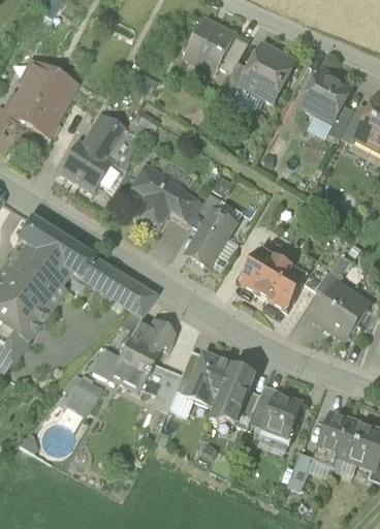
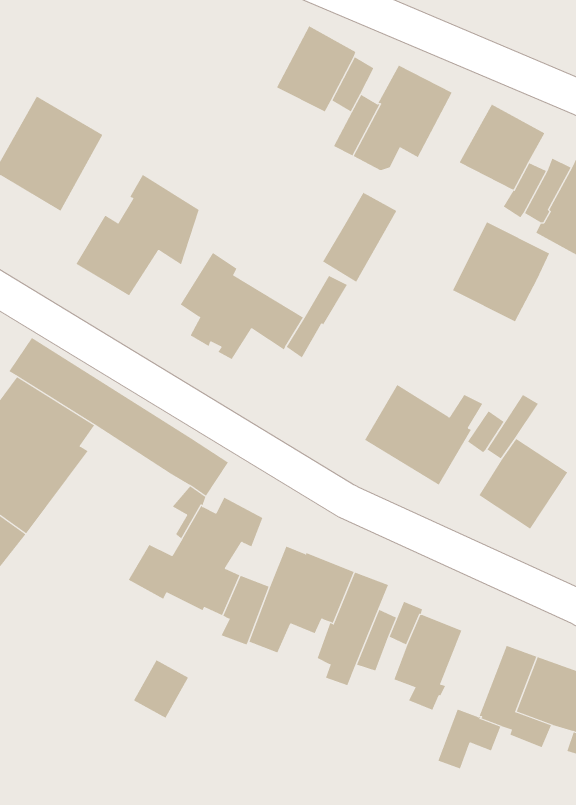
building: none -> [452,222,550,322]
building: [188,208,235,266] -> [322,191,397,283]
building: [65,376,100,413] -> [133,660,189,718]

